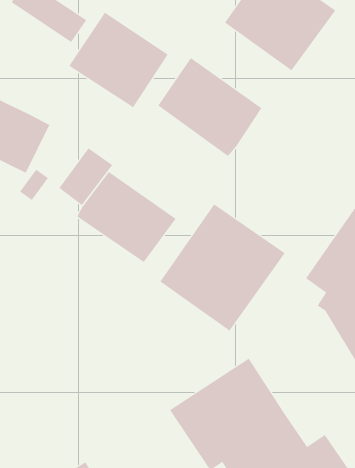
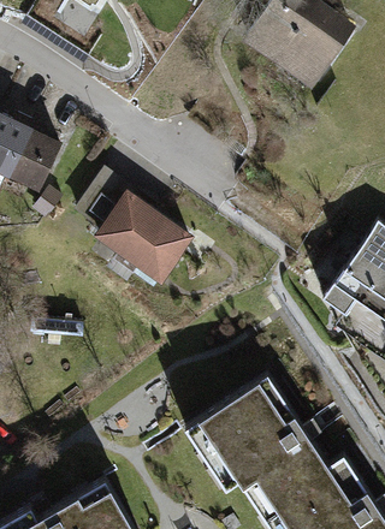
building: [69,12,169,108] -> none
building: [158,57,262,157] -> none
building: [160,204,285,331] -> none

